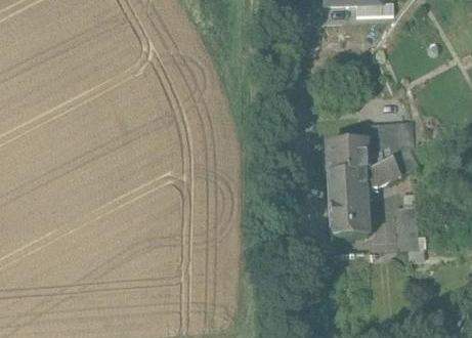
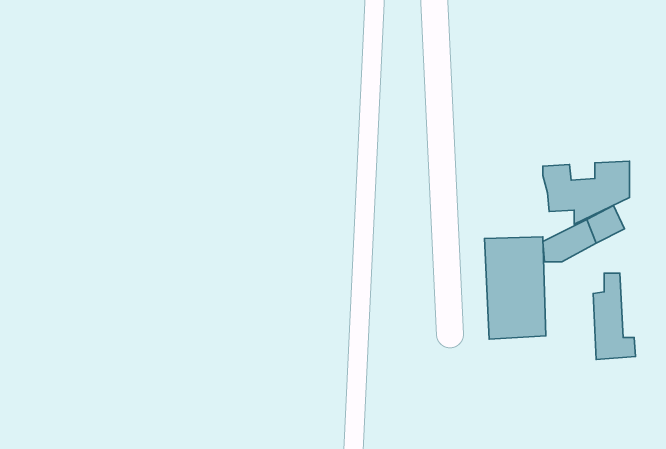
building: [327,140,370,170] -> none

